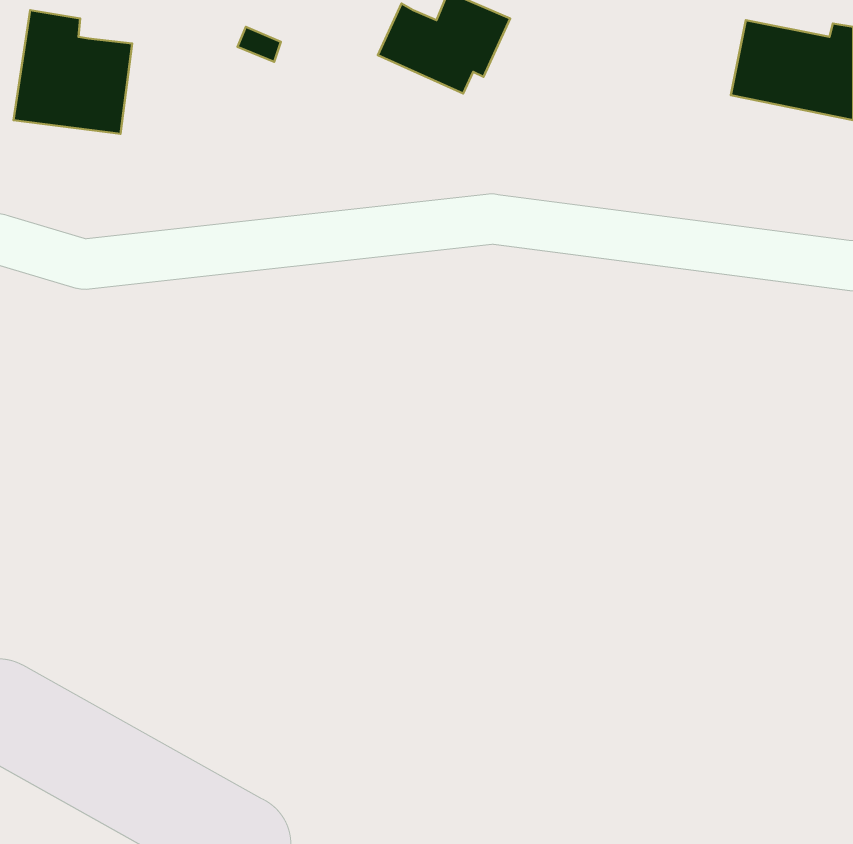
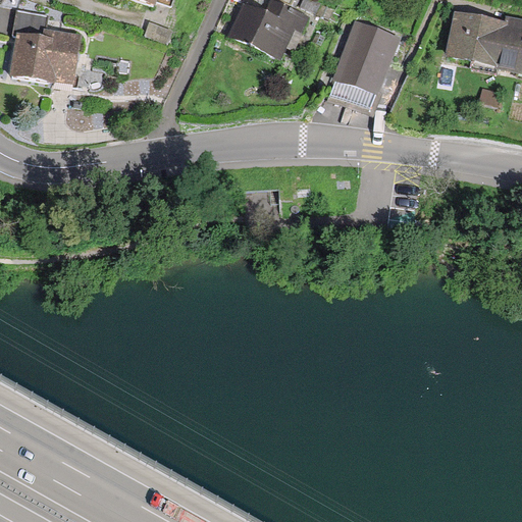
building: none -> [329,17,399,111]

